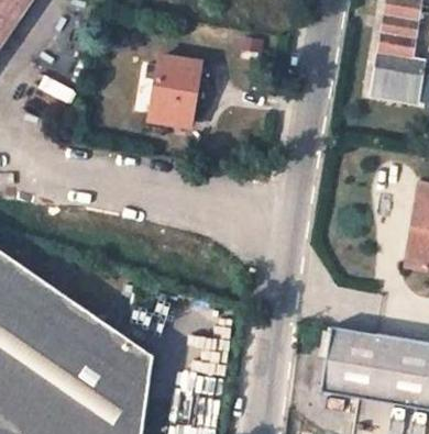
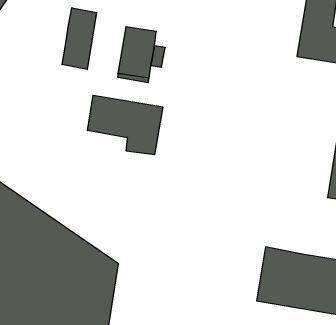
building: none -> [62,8,96,70]
building: none -> [88,95,163,155]

